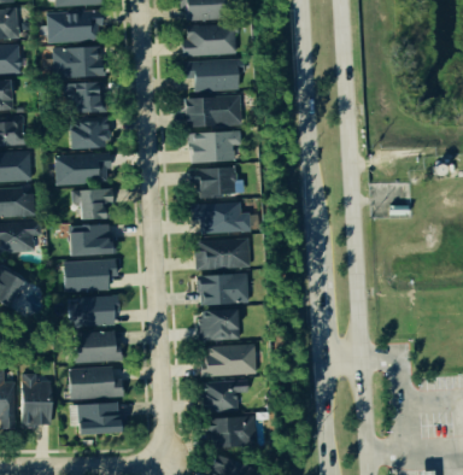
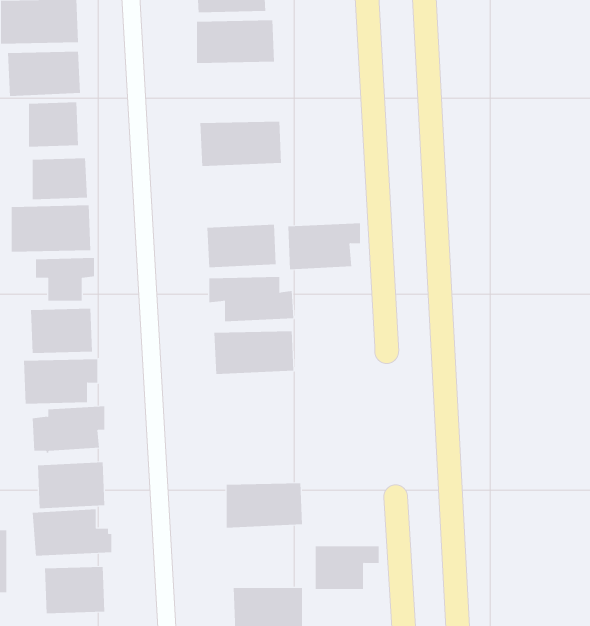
building: [184,59,245,92] -> none
building: [191,130,241,163] -> [287,223,361,270]
building: [199,274,250,305] -> none
building: [199,310,239,340] -> none
building: [204,381,248,411] -> [315,546,380,590]

